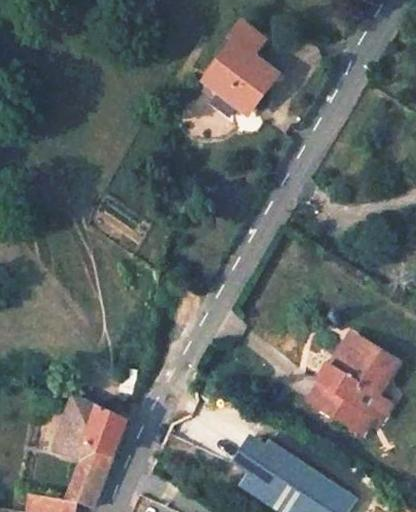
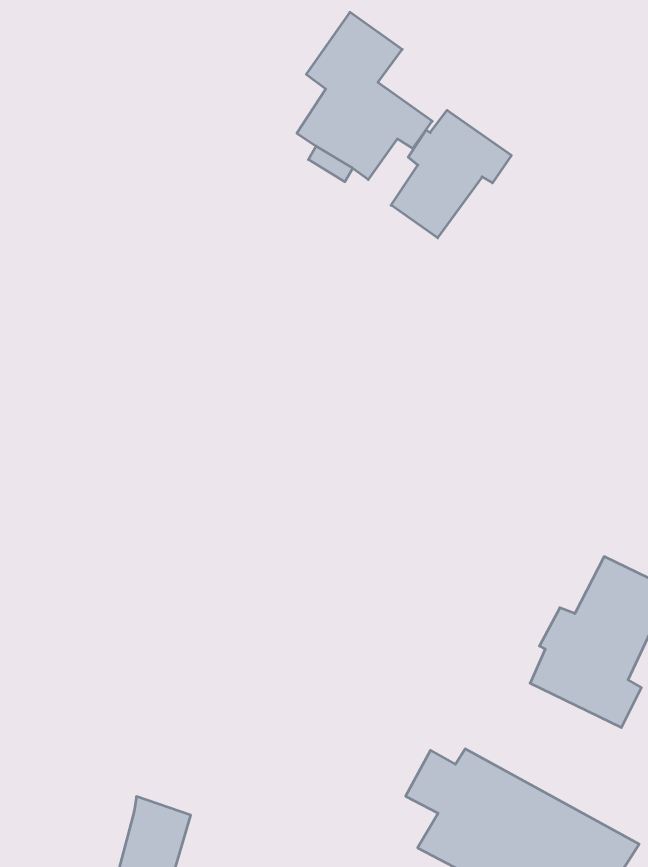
building: none -> [391,110,511,238]
building: [57,396,128,458] -> none

